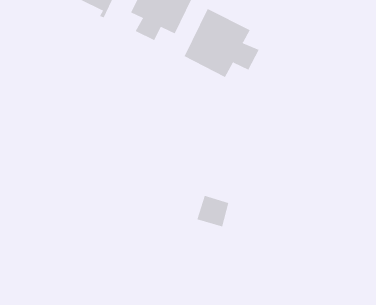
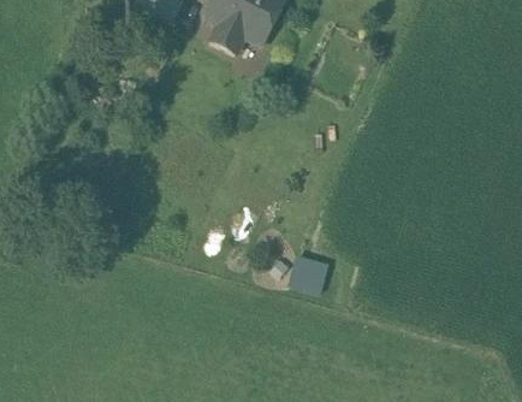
building: [184,8,259,78] -> none

